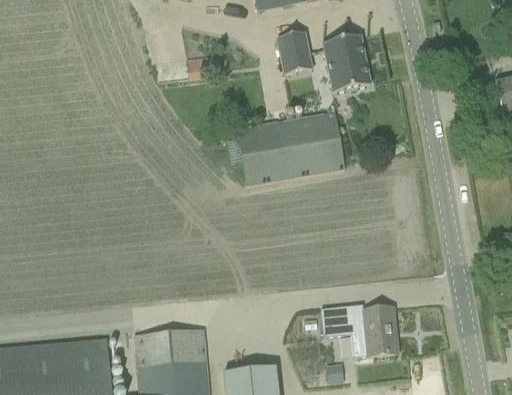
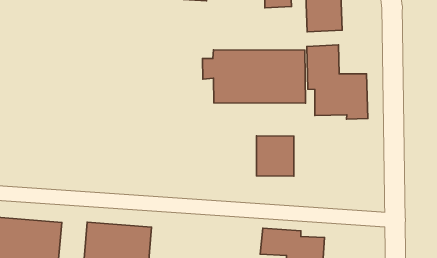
building: none -> [307,45,368,119]
building: none -> [256,136,294,176]

